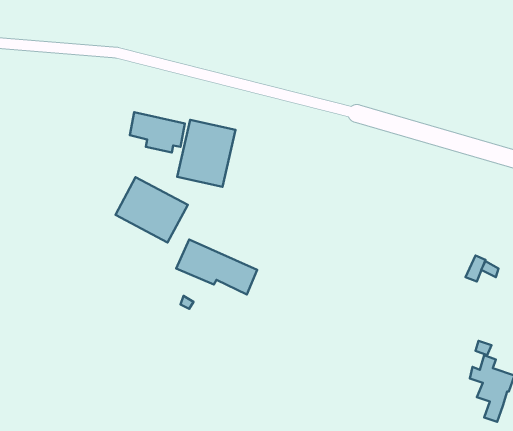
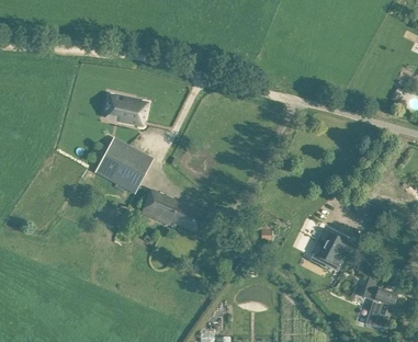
building: [177,120,236,187] -> none
building: none -> [312,228,352,266]

